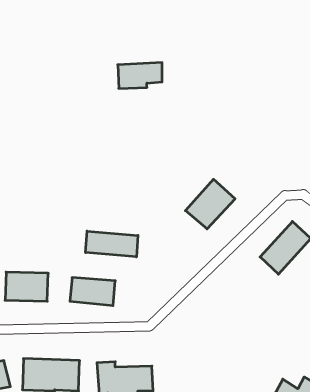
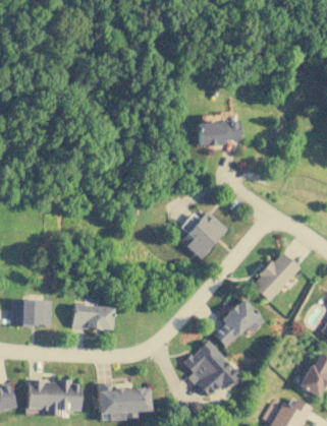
building: [118,63,162,88] -> [197,121,238,145]
building: [86,231,138,257] -> none
building: none -> [213,299,264,347]
building: none -> [183,341,240,397]

